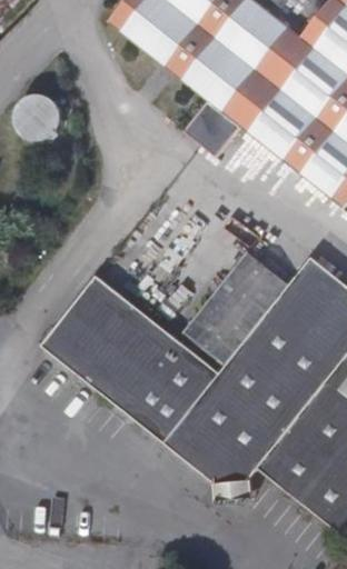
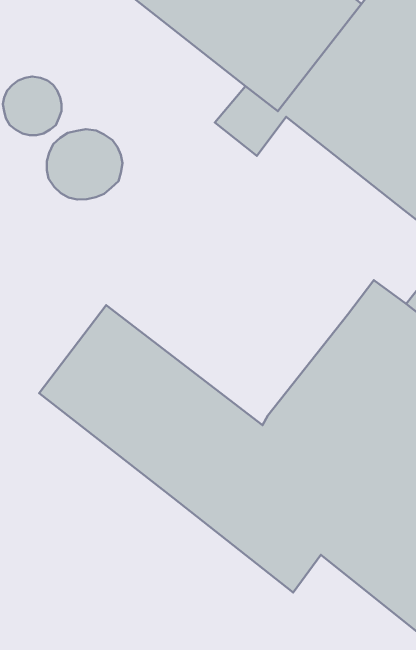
building: none -> [47,129,122,199]
building: [184,249,288,362] -> none

